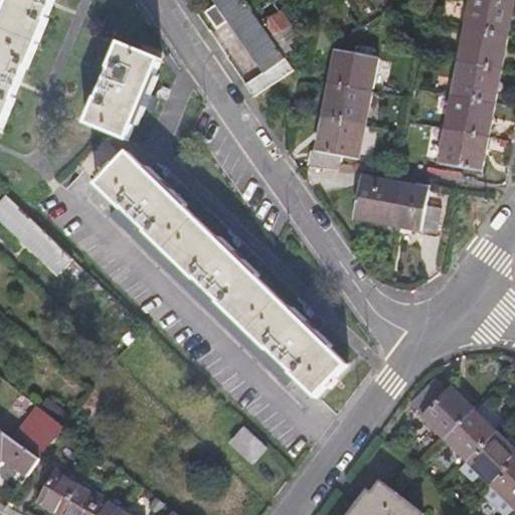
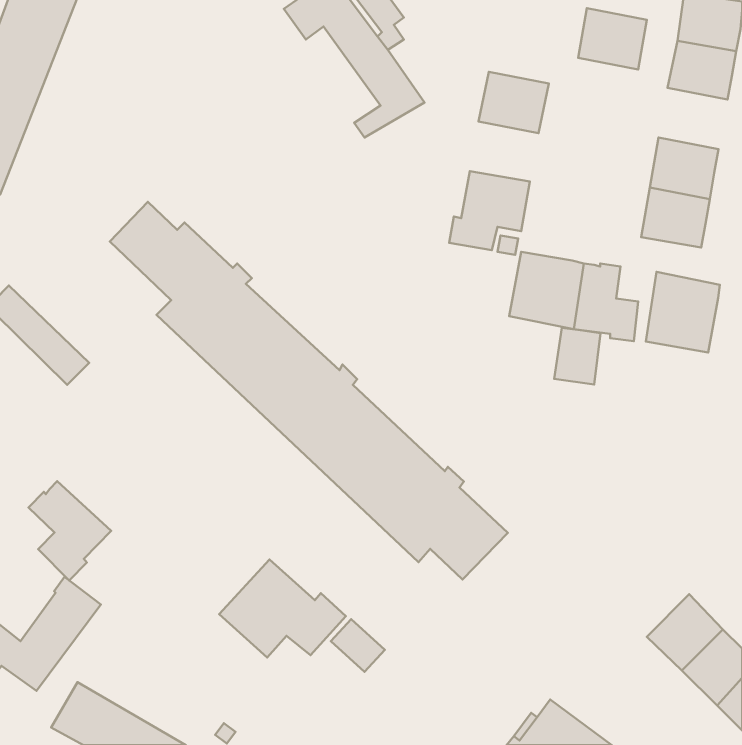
building: [84,42,159,139] -> none
building: [453,60,500,103] -> [578,8,647,70]
building: [323,83,370,125] -> none
building: none -> [646,272,720,352]
building: none -> [554,328,601,385]
building: none -> [29,481,111,580]
building: [411,377,474,438] -> none
building: none -> [219,560,346,658]

